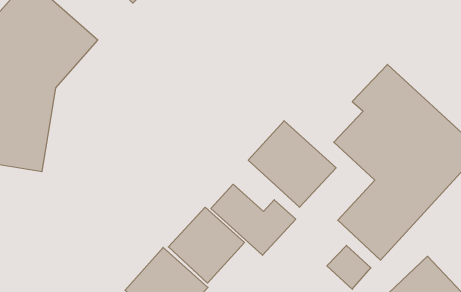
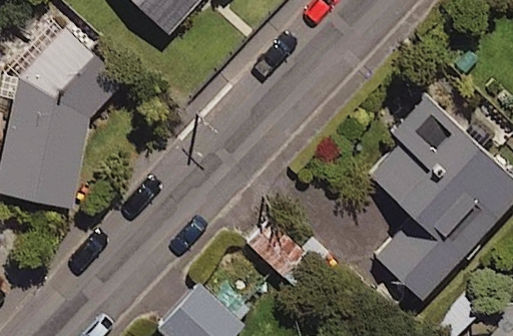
building: [248,121,336,207] -> none
building: [168,207,244,283] -> none

